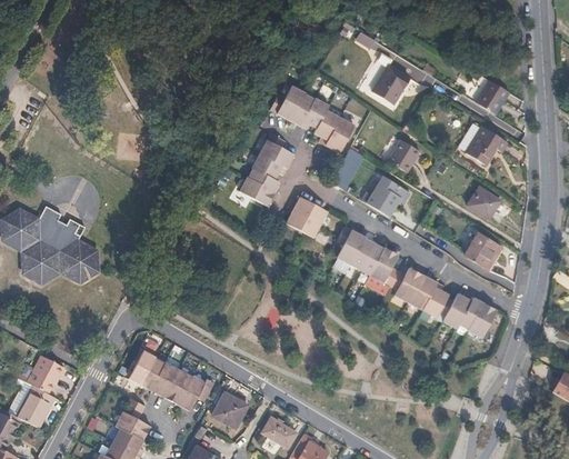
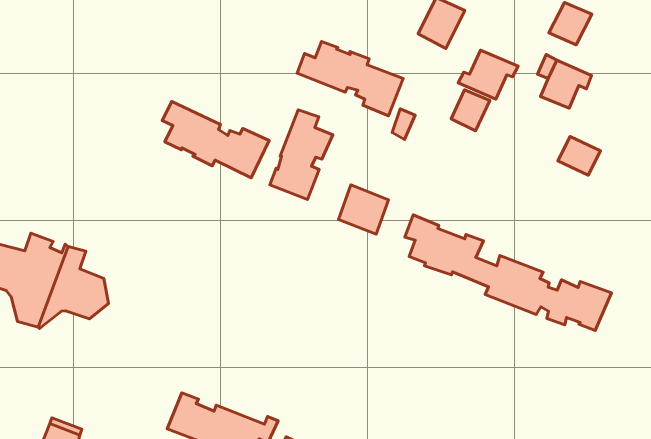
building: none -> [162,101,269,178]
building: [361,176,410,216] -> [458,50,518,99]
building: [466,233,500,268] -> none

